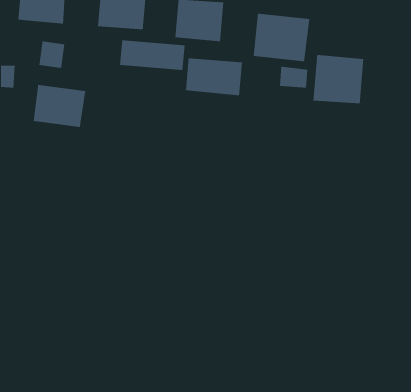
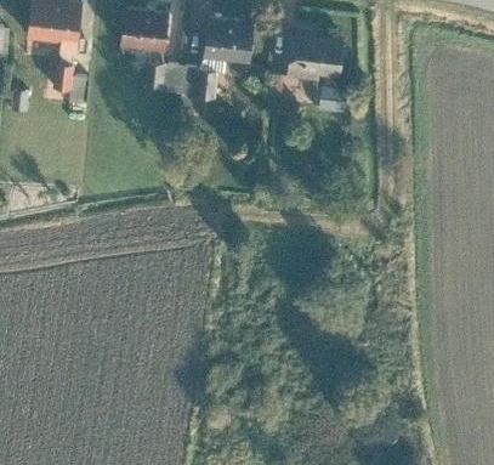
building: [313,54,364,104] -> none
building: [186,58,242,96] -> none
building: [33,84,86,128] -> none

